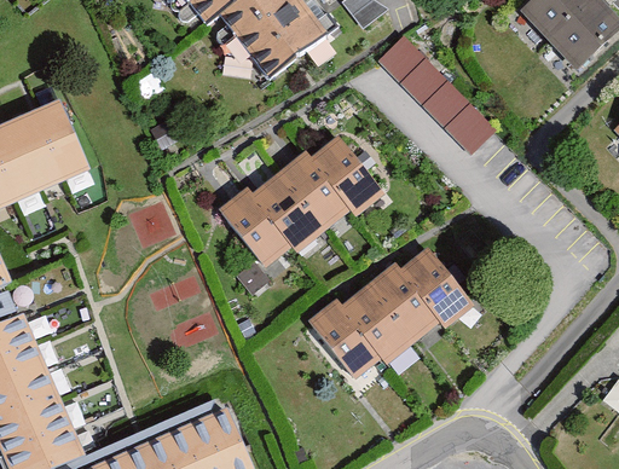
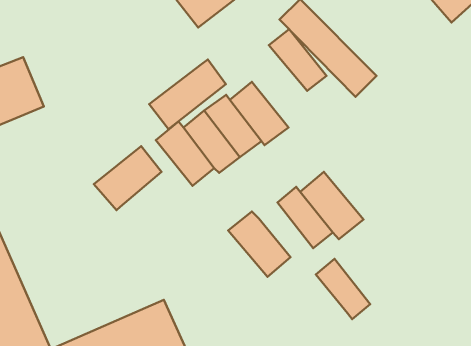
building: none -> [269,29,326,91]
building: none -> [149,59,226,129]
building: none -> [94,146,161,210]
building: [345,285,411,359] -> [316,259,370,319]

